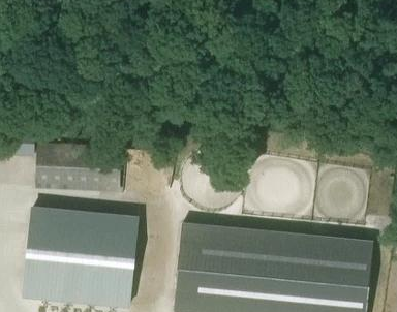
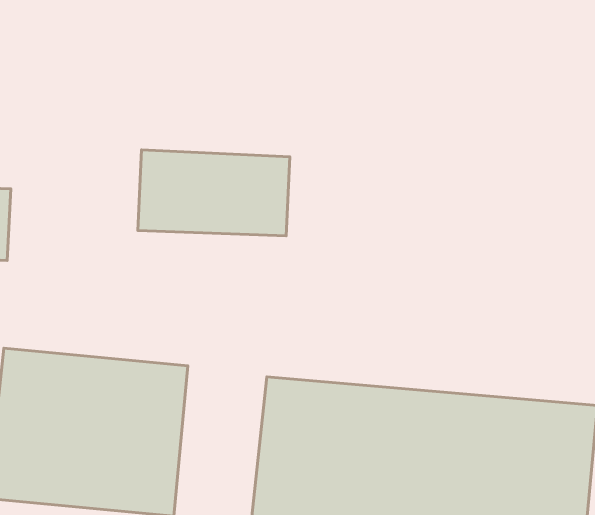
building: [34,143,122,192] -> [138,150,290,236]

